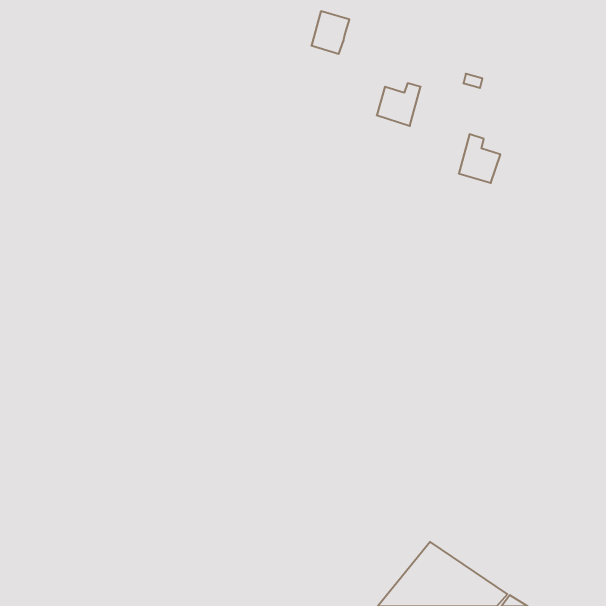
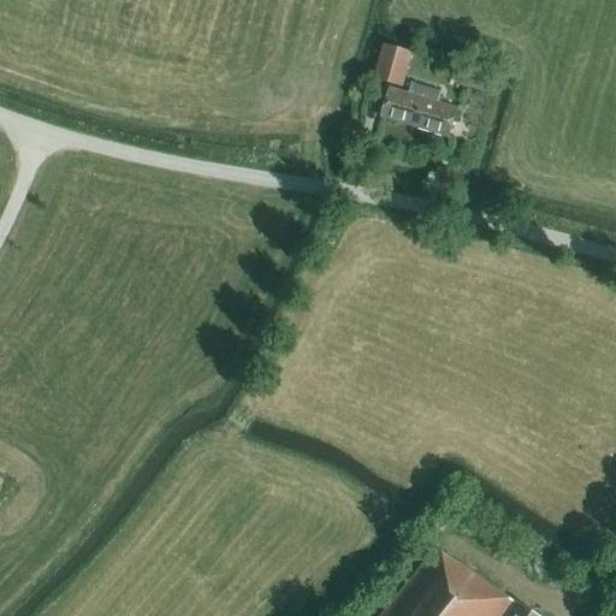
building: [311,11,349,54] -> [375,45,414,88]
building: [459,134,500,183] -> [416,88,458,137]

